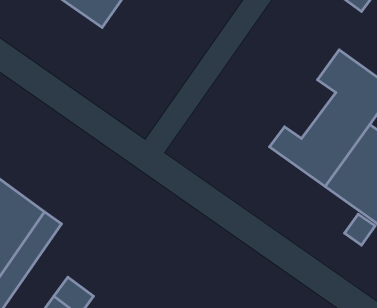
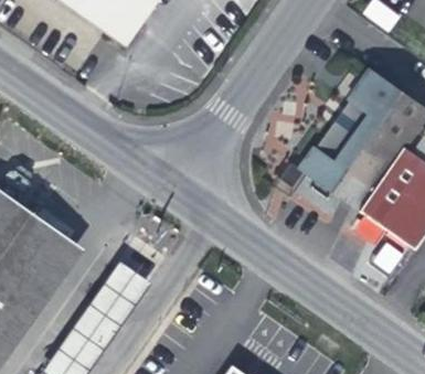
building: none -> [314,101,366,162]
building: none -> [89,265,148,325]

